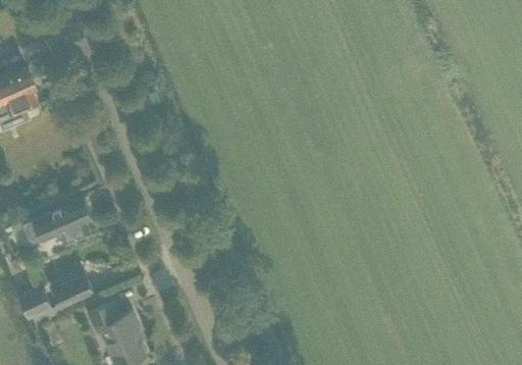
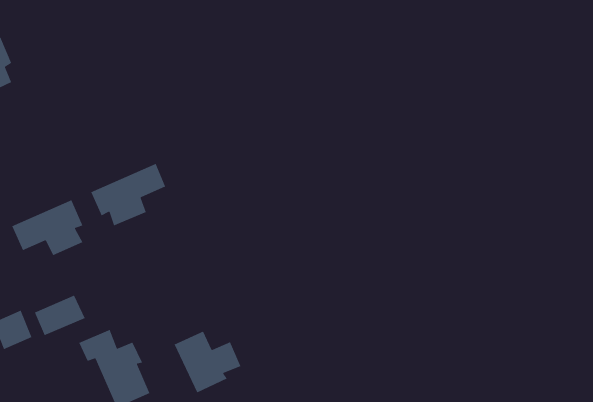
building: none -> [90,163,166,227]
building: none -> [174,330,242,394]

